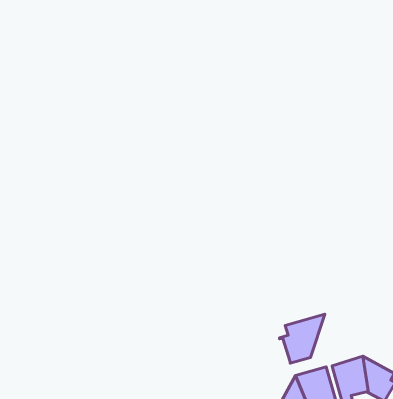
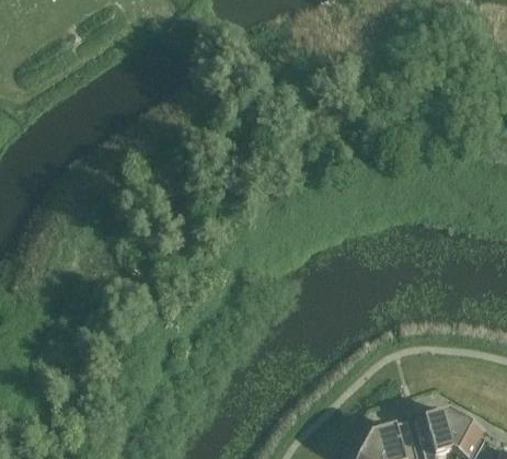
building: [279,314,325,363] -> none

